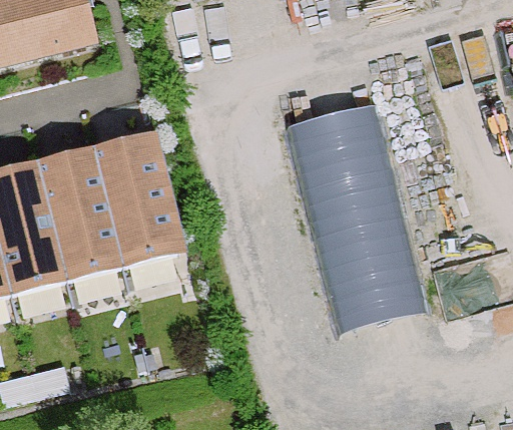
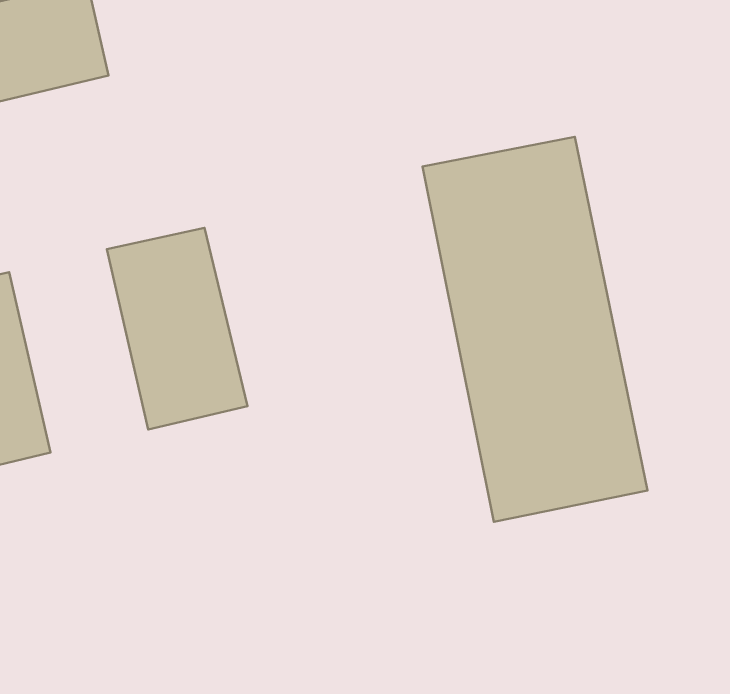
building: [38,155,122,279] -> none

